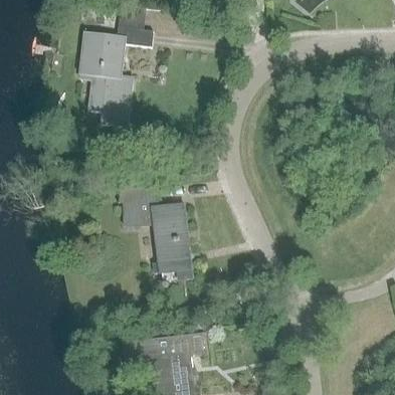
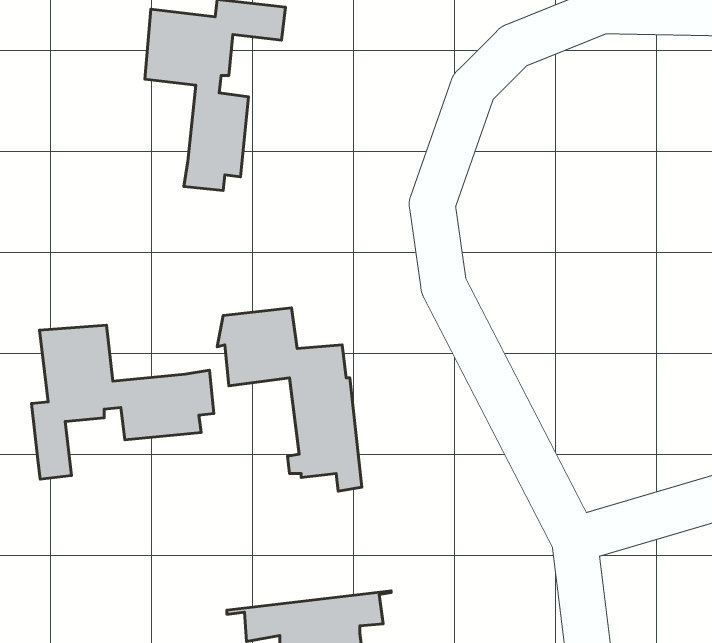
building: none -> [31,325,214,479]

